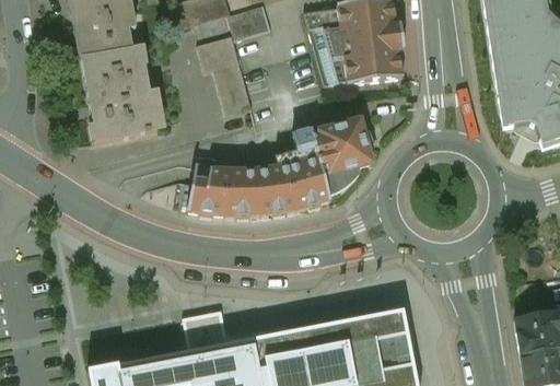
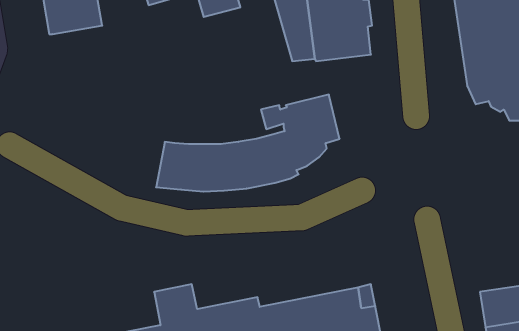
building: [196,36,250,117] -> none
building: [81,47,162,143] -> none

